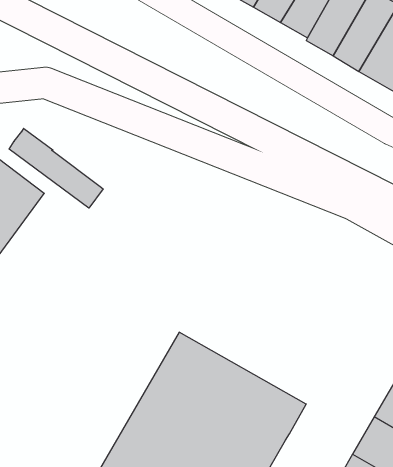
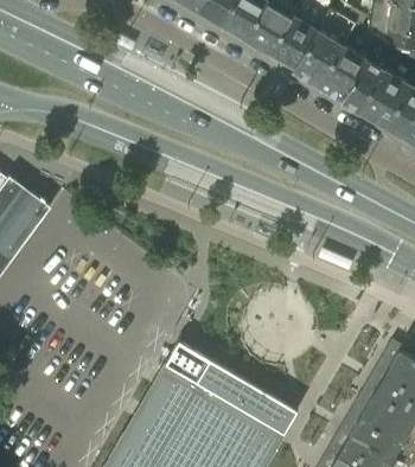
building: [9,128,103,208] -> none

